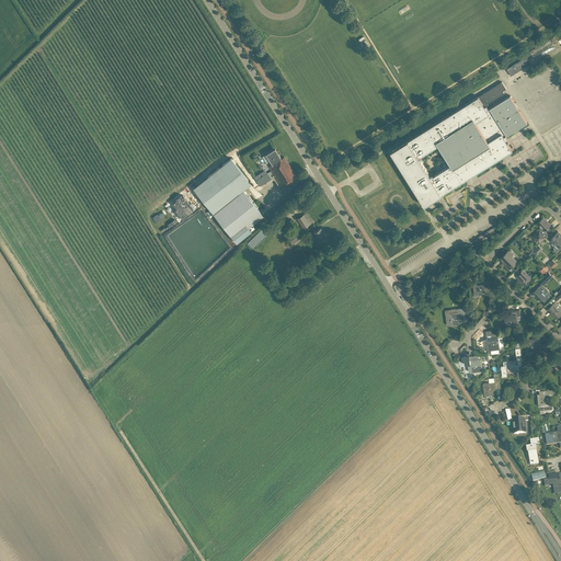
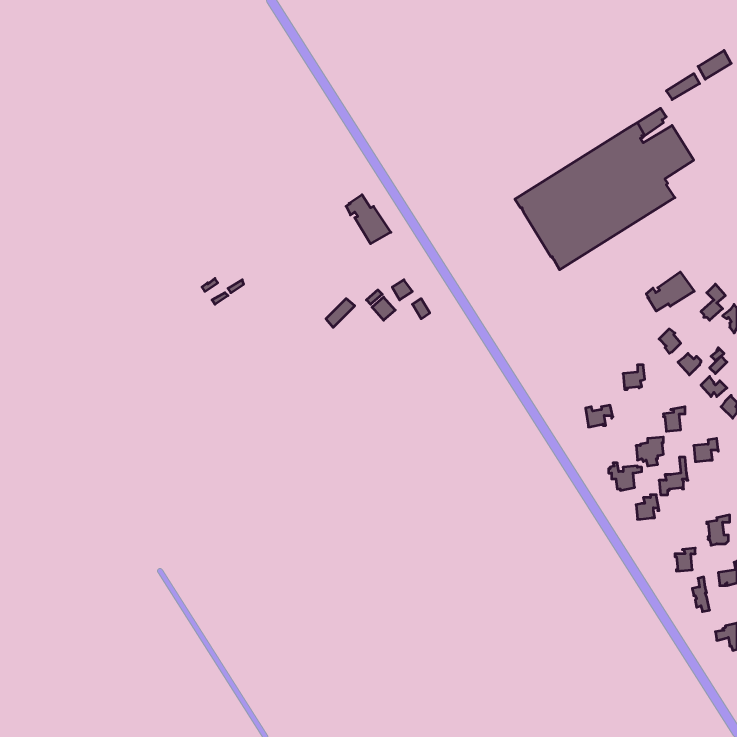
building: [195,158,261,242] -> none
building: none -> [646,272,694,311]

